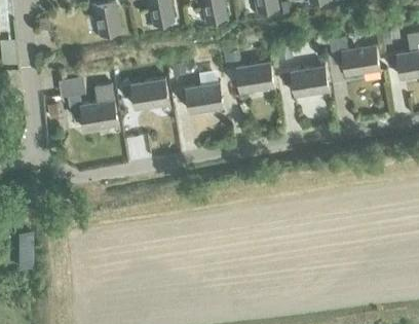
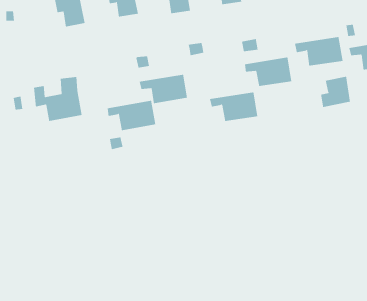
building: [224,62,273,92] -> [209,92,258,121]
building: [119,78,168,109] -> [107,100,156,131]
building: none -> [321,76,350,108]

